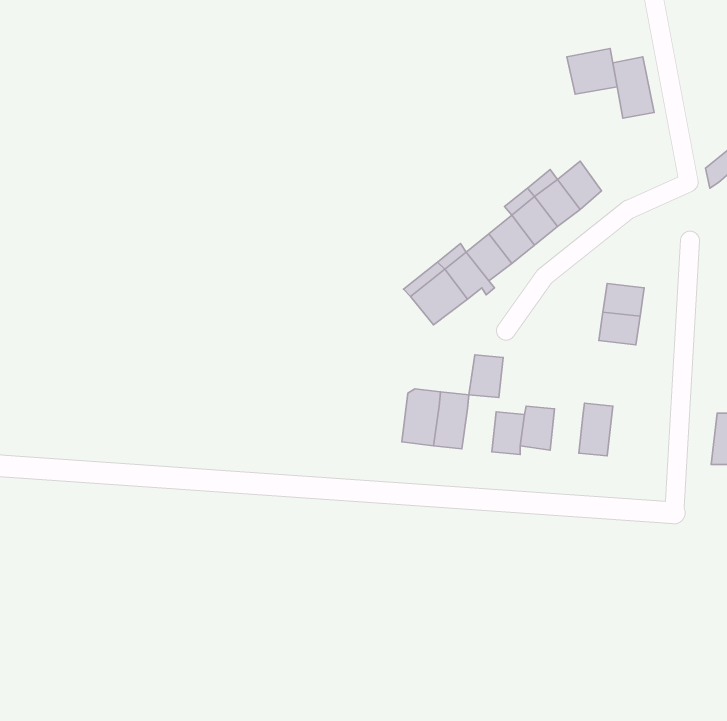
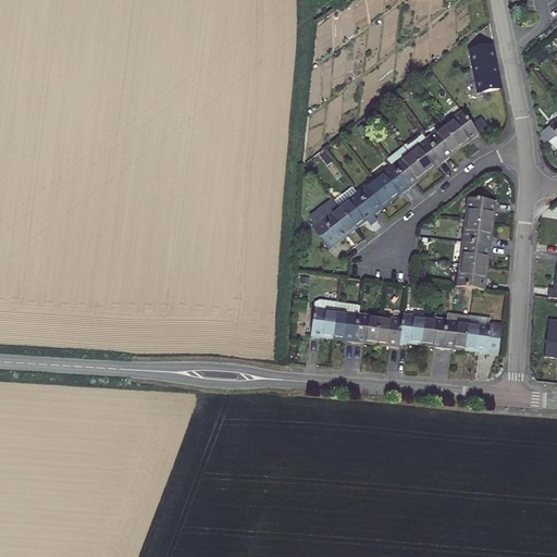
building: [567,48,617,94] -> none
building: none -> [444,109,479,146]
building: none -> [465,194,496,220]
building: none -> [455,260,486,286]
building: [469,355,503,398] -> [354,312,380,345]
building: none -> [465,310,502,351]
building: none -> [421,312,446,346]

